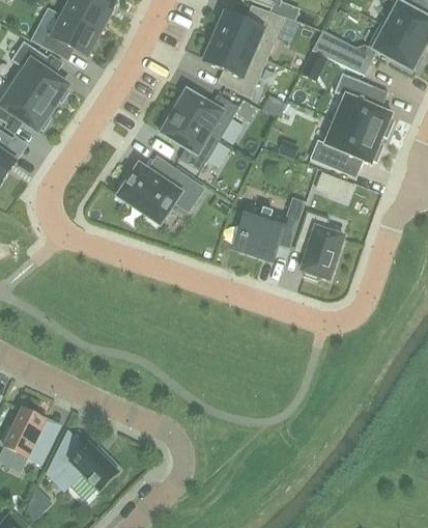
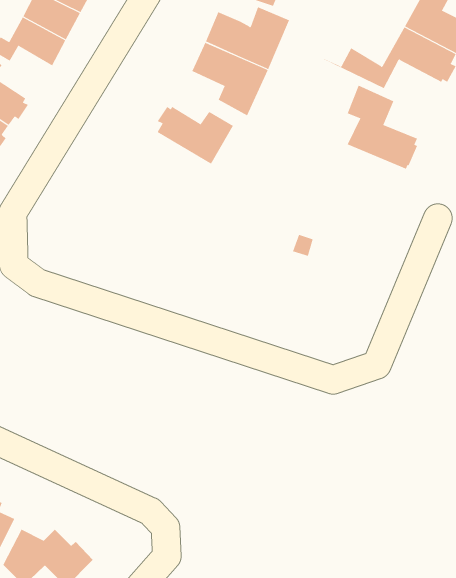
building: [159,111,220,170] -> none
building: [309,121,382,171] -> none
building: [117,163,203,223] -> none
building: [238,201,286,260] -> none
building: [294,212,344,281] -> none

